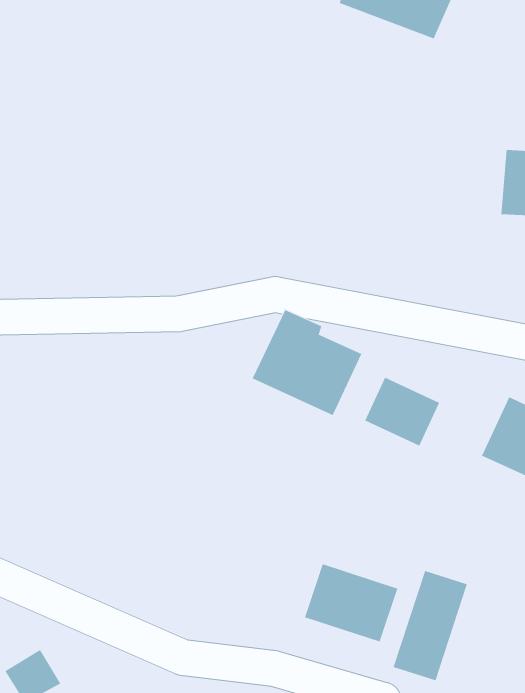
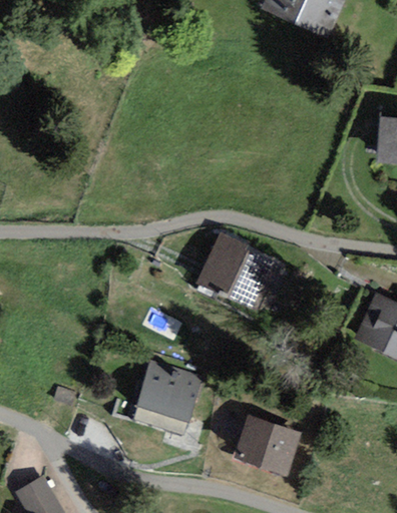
building: [364,377,440,447] -> none
building: none -> [136,363,204,423]
building: [393,570,468,681] -> none

